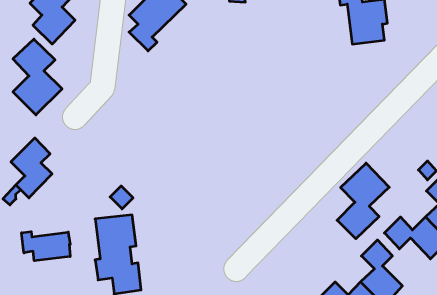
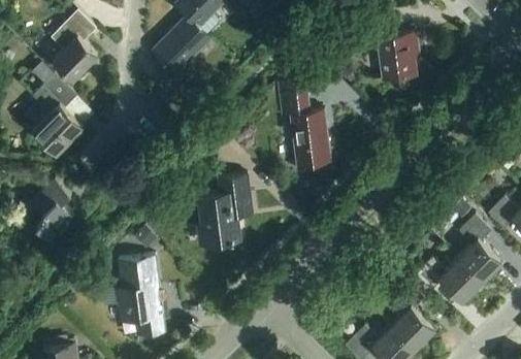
building: none -> [278,83,331,167]
building: none -> [198,176,253,246]
building: [337,163,389,239] -> none
building: [22,232,70,261] -> none

